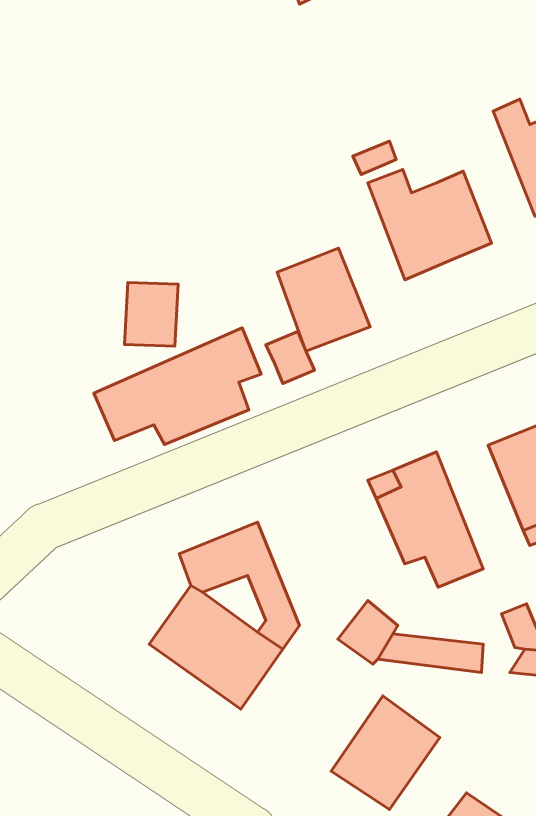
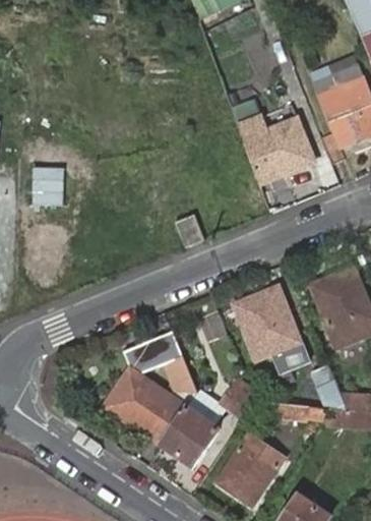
building: [277,248,370,351] -> none
building: [125,283,178,346] -> [28,165,61,204]
building: [94,328,261,445] -> none
building: none -> [162,408,219,466]

